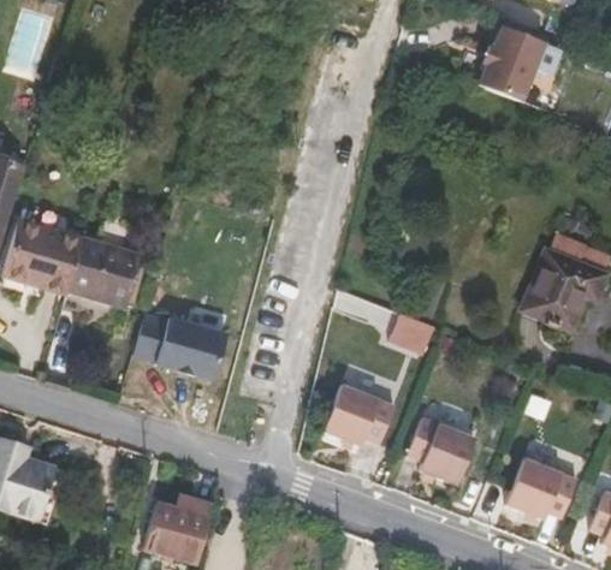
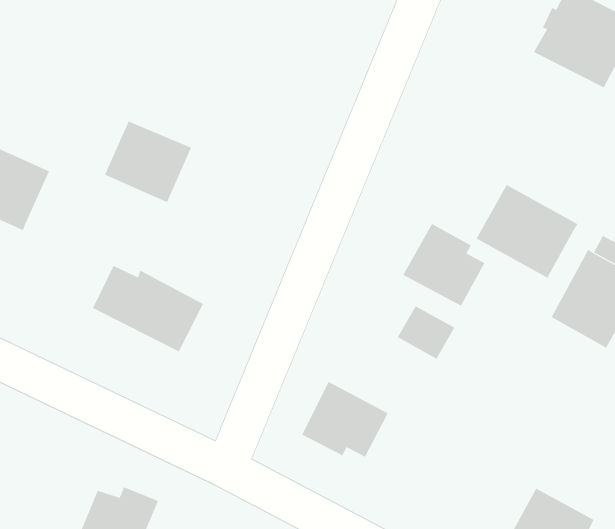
building: none -> [476,184,578,278]
building: [69,239,140,304] -> [104,121,192,203]
building: none -> [402,223,485,306]
building: [408,417,475,485] -> none

